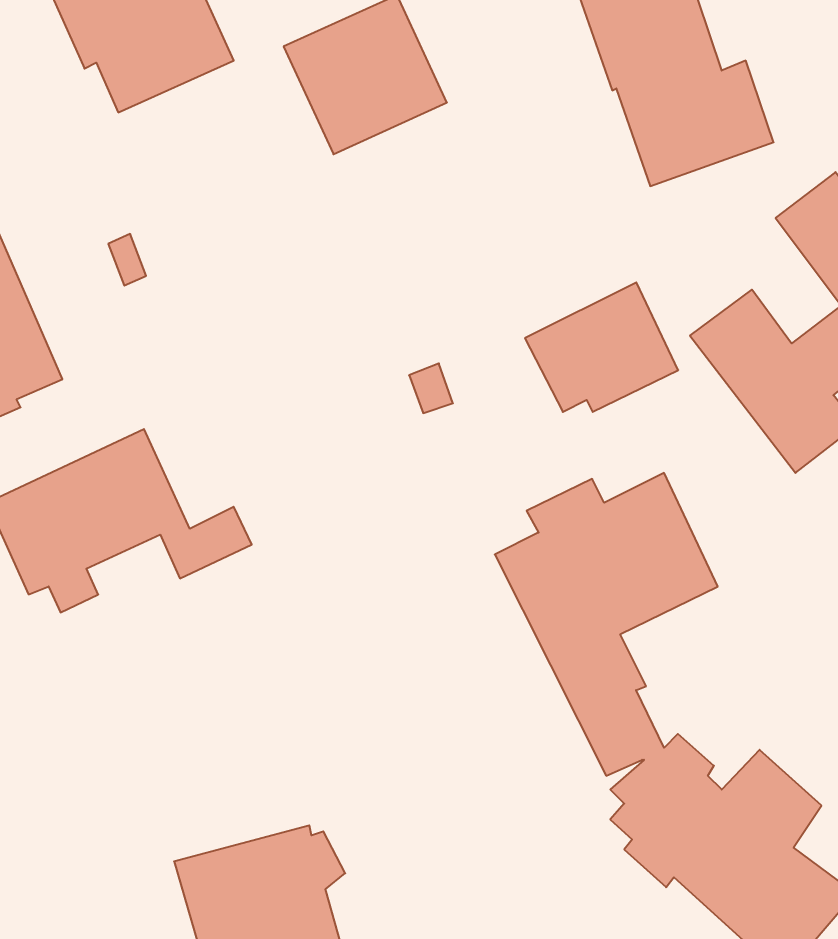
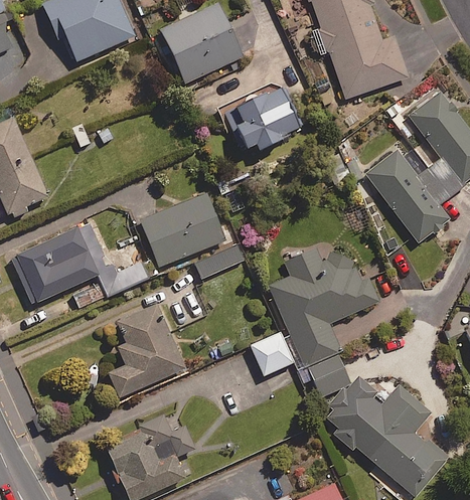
building: [525,282,678,412] -> [224,85,302,150]
building: none -> [139,194,236,278]
building: none -> [109,304,183,397]
building: none -> [250,331,295,376]

